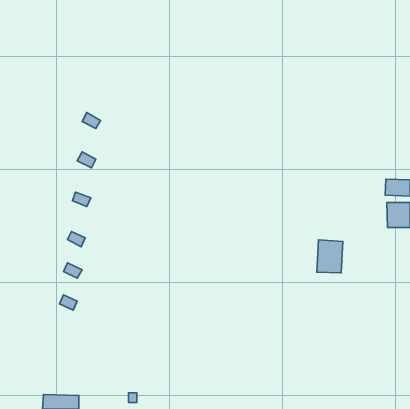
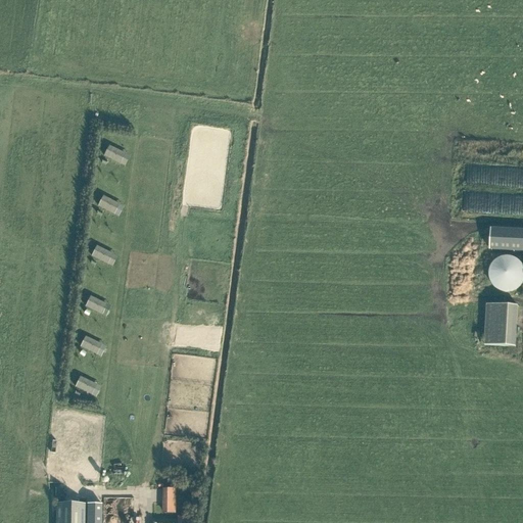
building: [317,240,343,273] -> [484,303,517,345]

